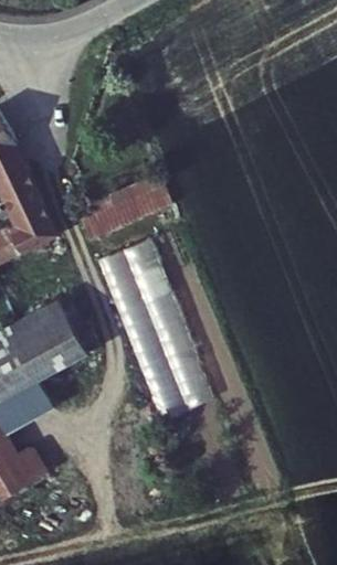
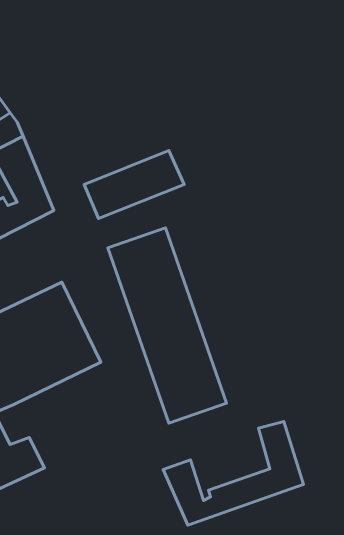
building: none -> [163,421,304,525]

